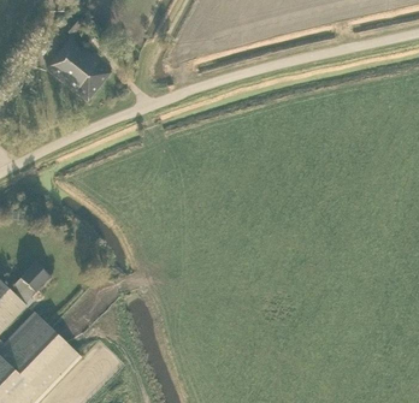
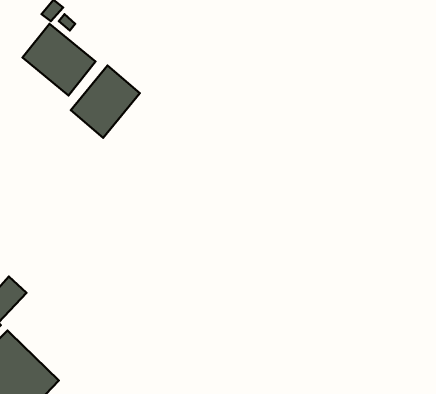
building: none -> [71,66,140,138]

